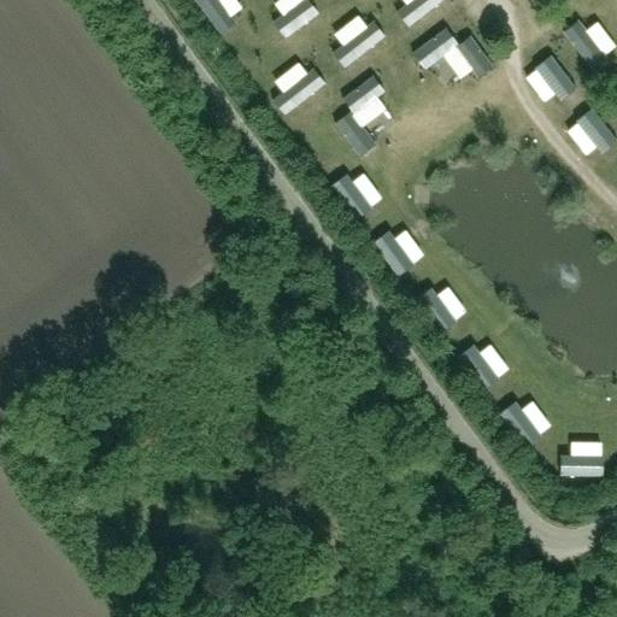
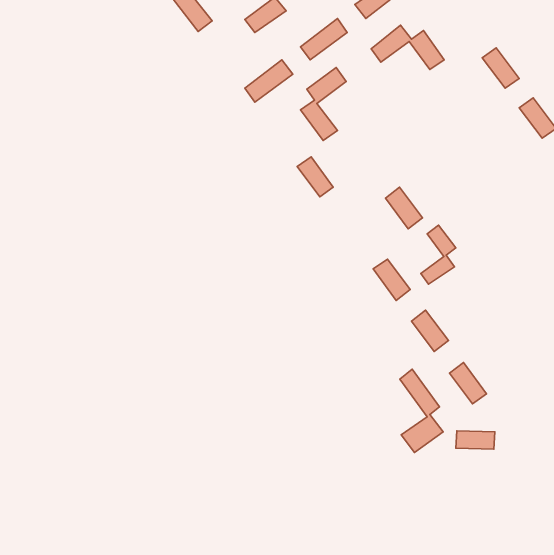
building: [564,19,610,72] -> none
building: [374,230,415,276] -> [385,187,422,229]
building: none -> [421,225,456,284]
building: none -> [400,369,443,452]
building: [560,454,604,475] -> [456,431,495,449]

